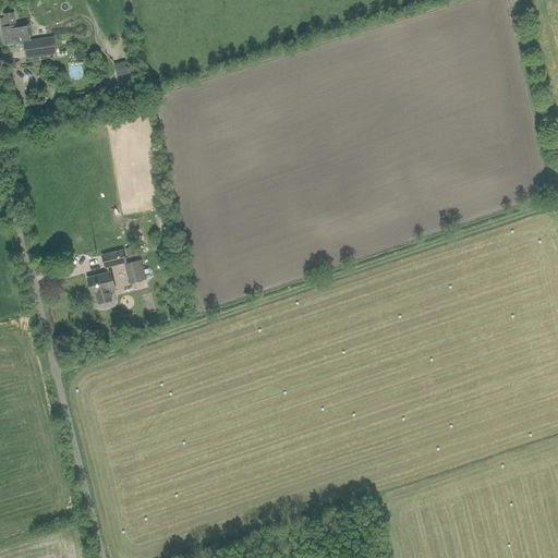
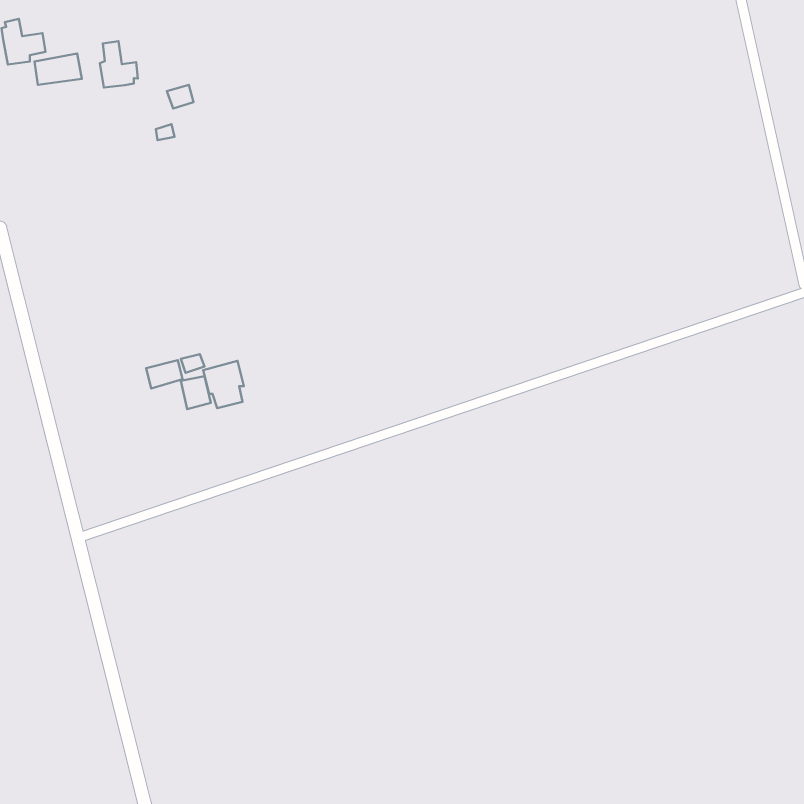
building: none -> [100,41,138,88]
building: [87,272,116,305] -> [203,361,244,408]

